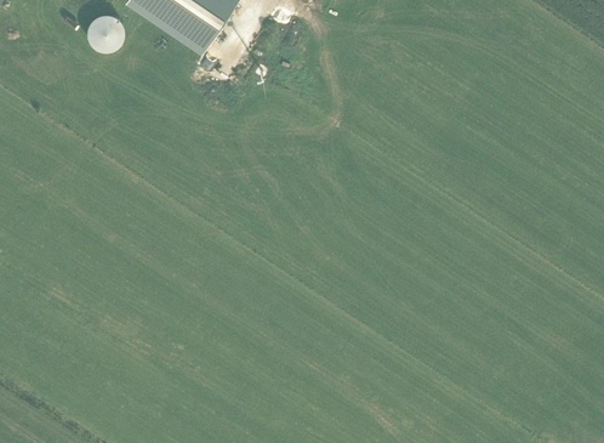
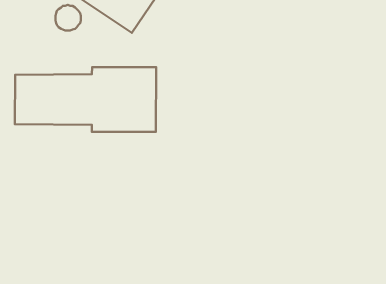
building: none -> [15,67,156,132]

